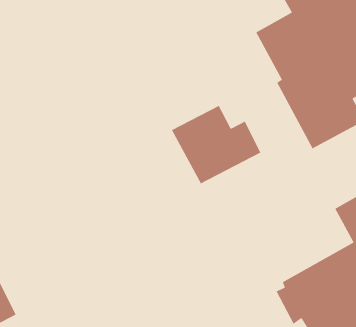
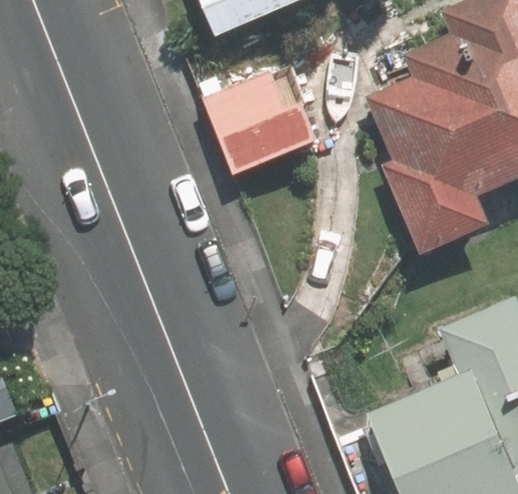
building: [171,105,262,185] -> [205,69,315,167]

